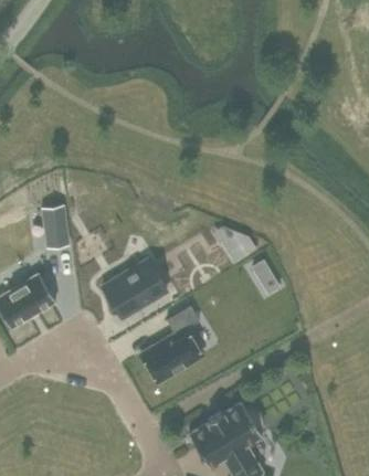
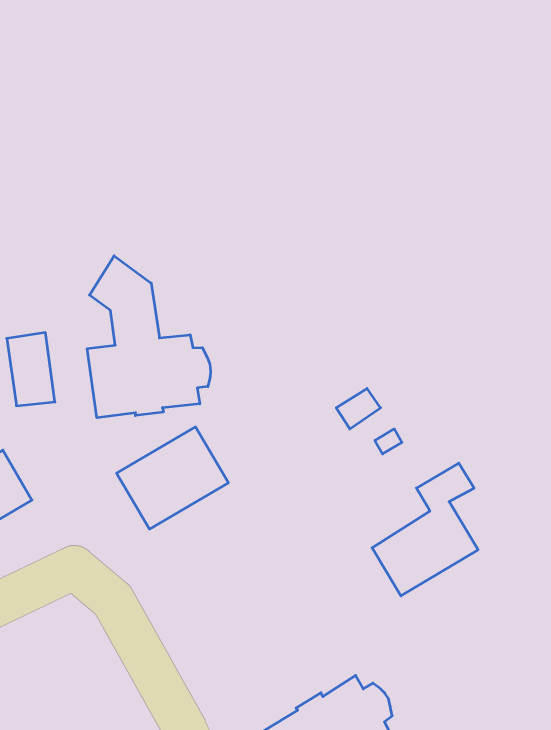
building: none -> [87,256,211,418]
building: [141,306,202,382] -> [372,463,478,596]

